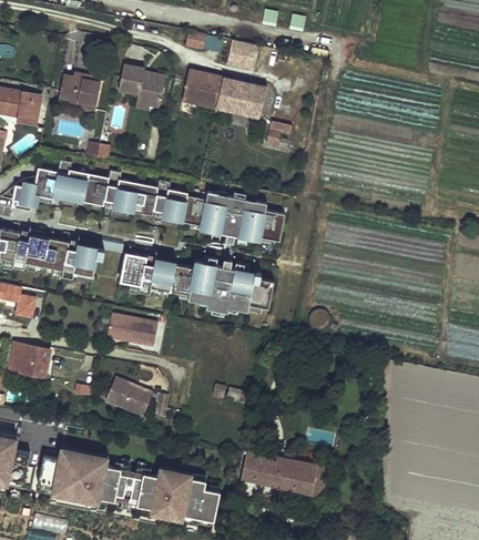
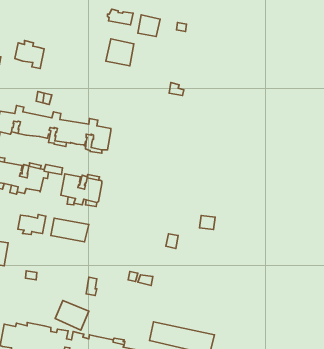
building: [118,67,164,110] -> none
building: [214,78,266,118] -> none
building: [184,191,284,240] -> none
building: [172,262,275,313] -> none
building: none -> [18,215,46,235]
building: [104,376,150,416] -> [55,300,89,330]

